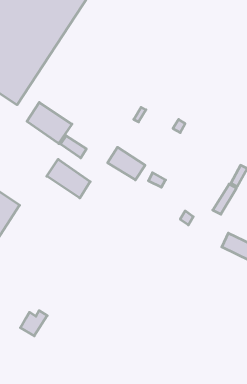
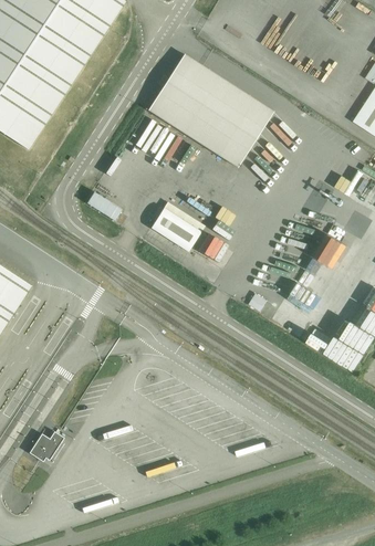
building: none -> [148,54,273,167]
building: [27,102,72,144] -> none
building: [47,159,90,198] -> none

